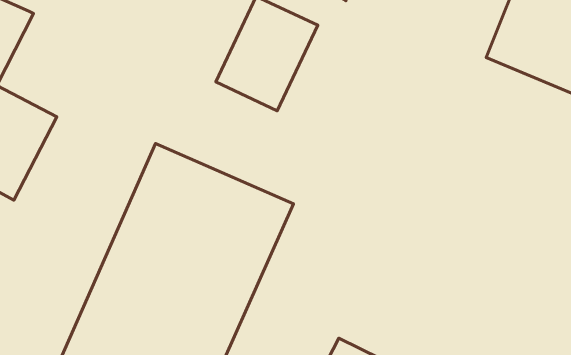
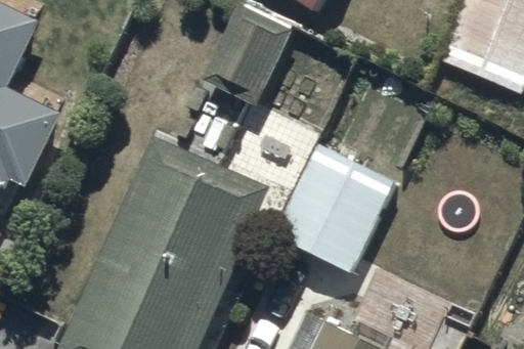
building: none -> [273,144,394,272]

